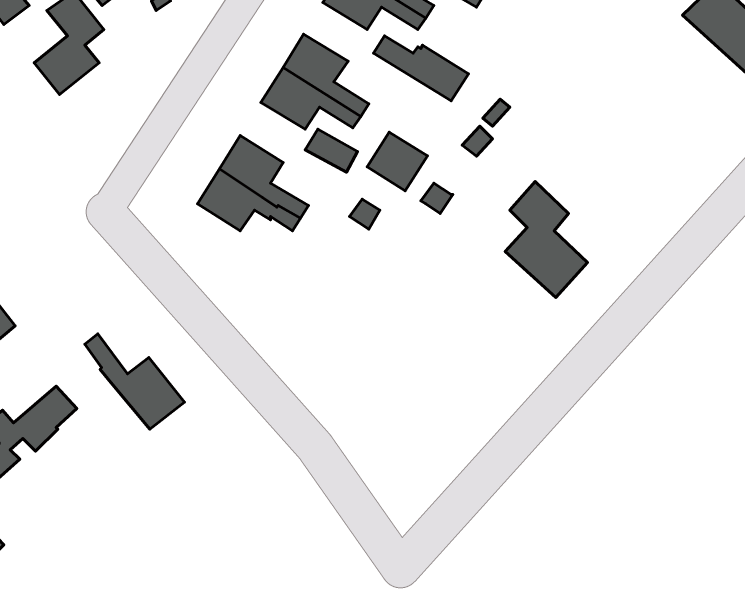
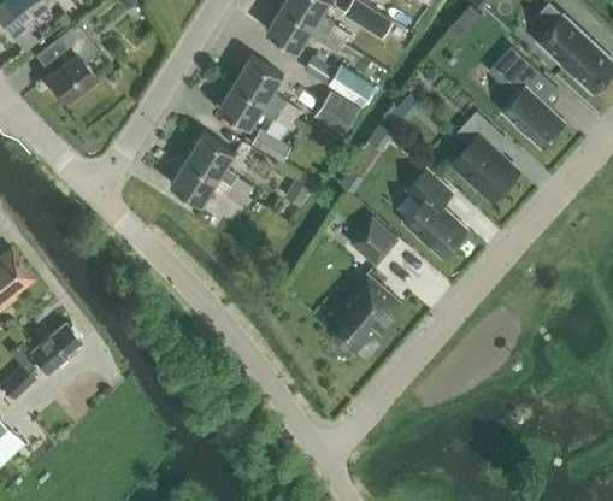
building: none -> [488,46,565,147]
building: none -> [453,112,518,199]
building: [367,132,427,191] -> [314,90,360,135]
building: none -> [353,218,396,266]
building: none -> [326,273,402,352]
building: [85,334,184,429] -> none

